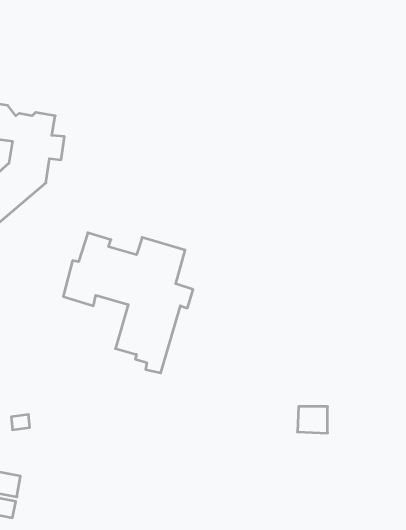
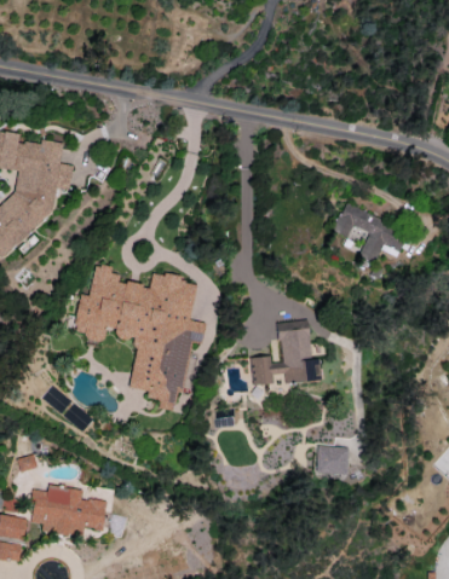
building: none -> [333,203,407,264]
building: none -> [251,329,321,386]
building: none -> [29,486,107,535]

